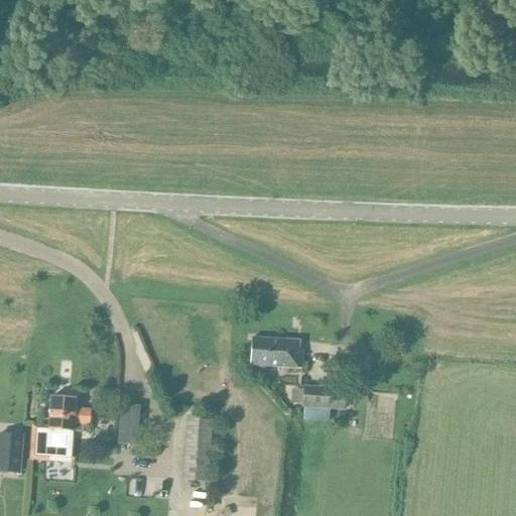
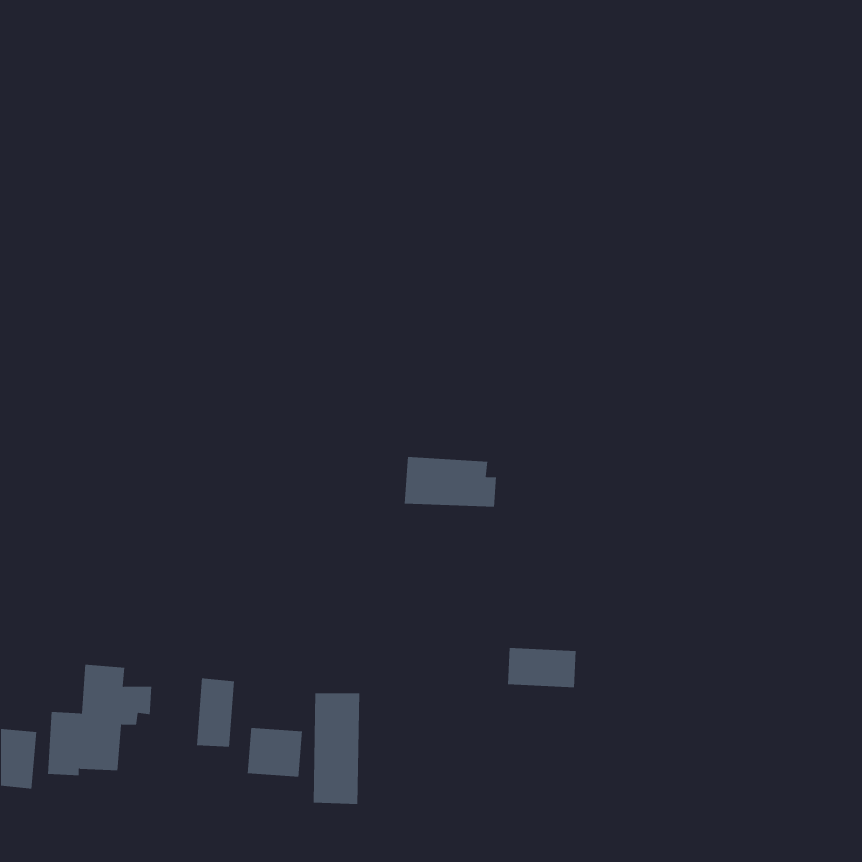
building: [250,338,305,368] -> [404,457,497,507]
building: none -> [247,727,302,778]

